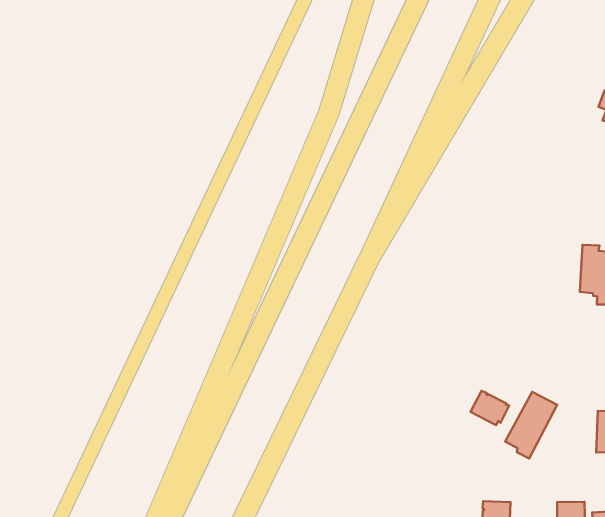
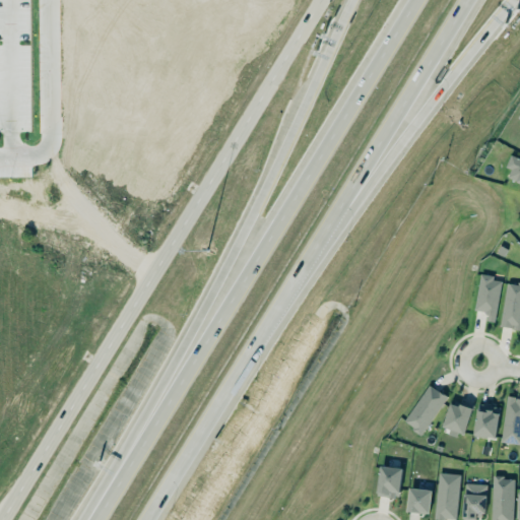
building: [470,391,509,425] -> none
building: none -> [443,404,472,435]

